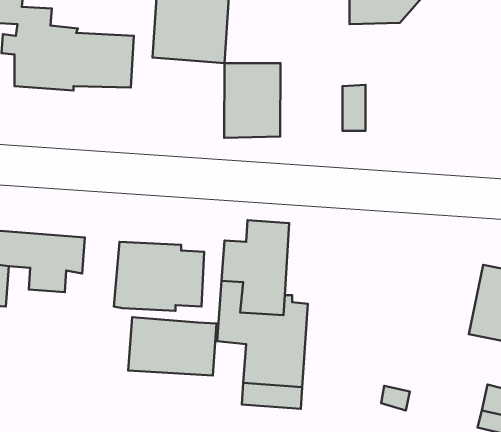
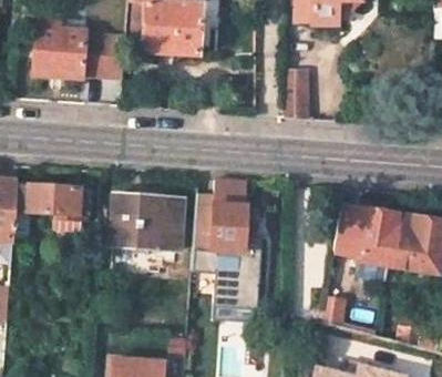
building: [224,63,280,138] -> none
building: none -> [332,206,397,266]
building: [128,317,217,376] -> none

